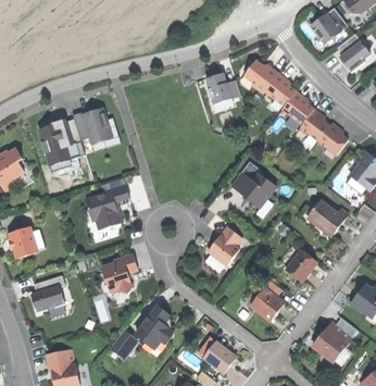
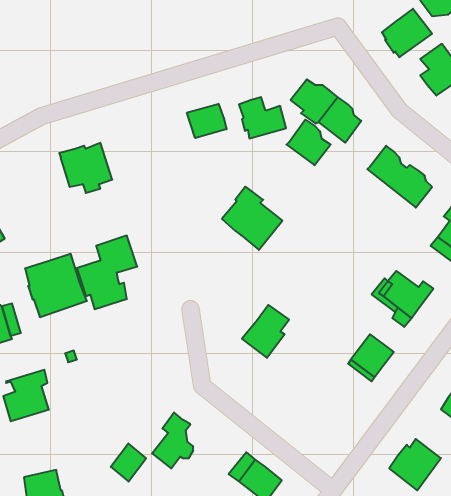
building: none -> [187,104,227,138]
building: [280,90,313,124] -> [286,120,331,165]
building: [39,119,85,165] -> [25,254,87,317]
building: [230,161,275,208] -> [222,187,282,250]
building: [101,253,137,294] -> none
building: [251,287,285,317] -> none

